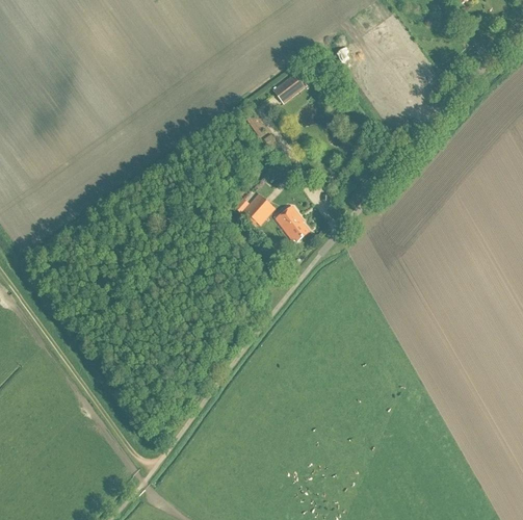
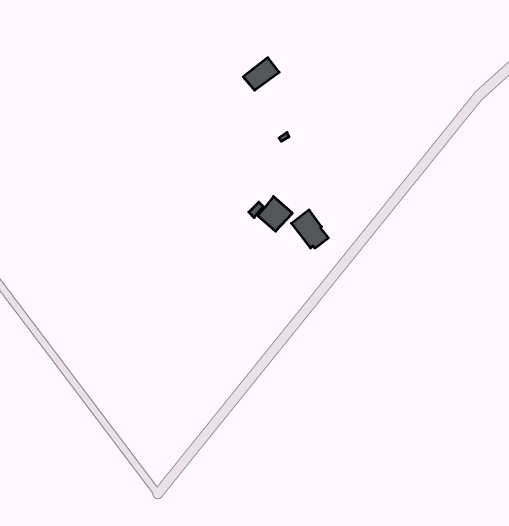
building: [272,72,306,102] -> [243,58,279,90]

